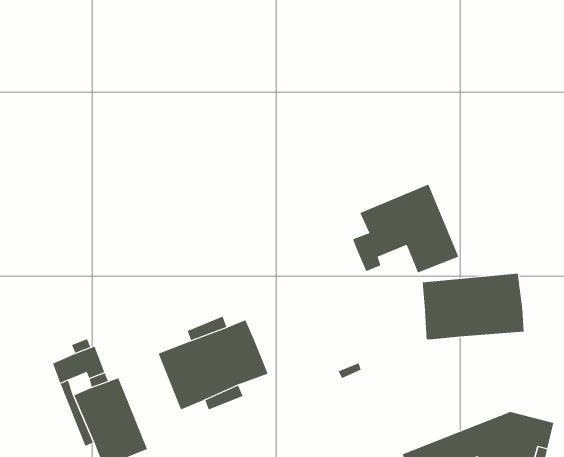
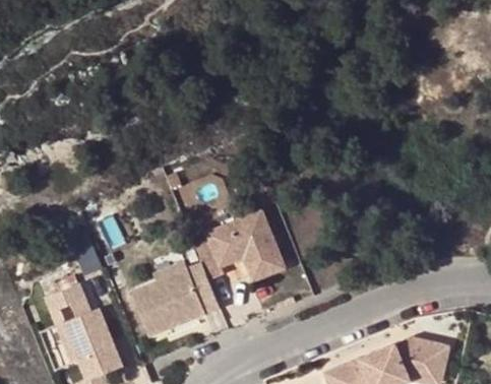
building: [352,184,459,273] -> [197,207,284,279]
building: [422,273,524,340] -> none

